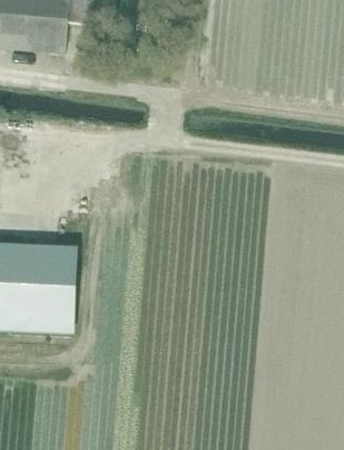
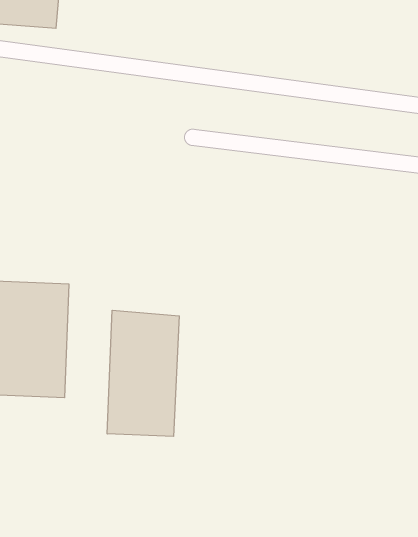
building: none -> [107,310,179,436]

